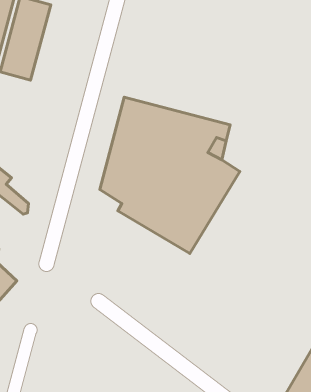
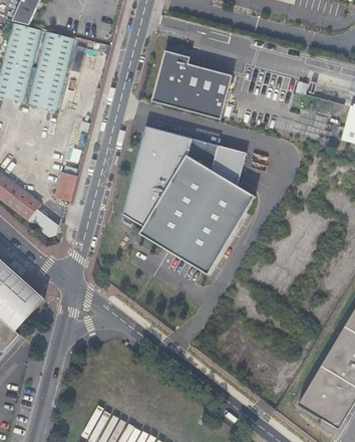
building: none -> [151,43,231,120]
building: none -> [56,172,77,201]

